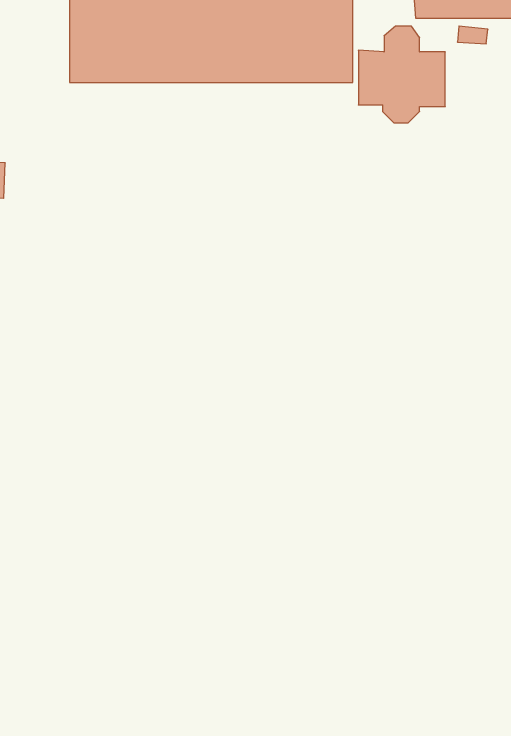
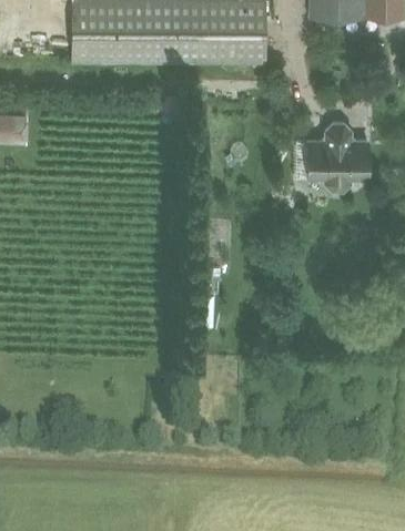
building: [358,26,445,123] -> [307,121,367,187]

